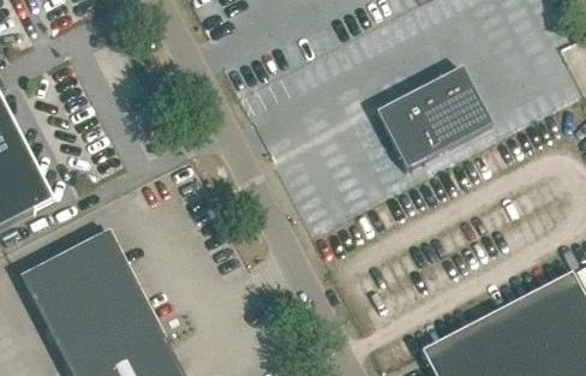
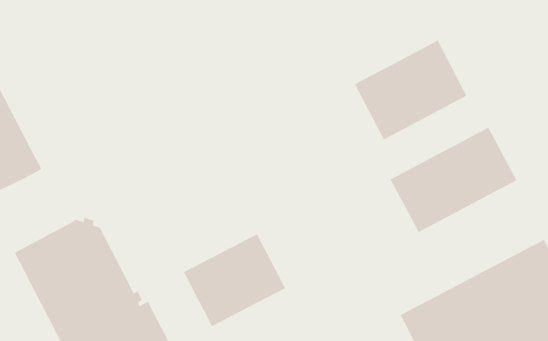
building: none -> [390,127,517,233]
building: none -> [183,234,286,327]

